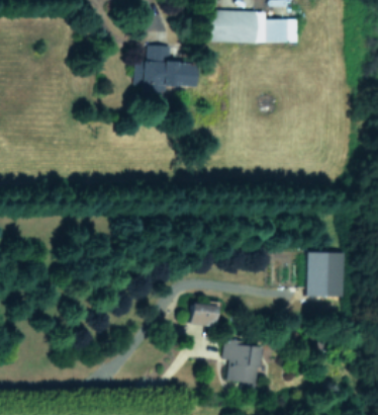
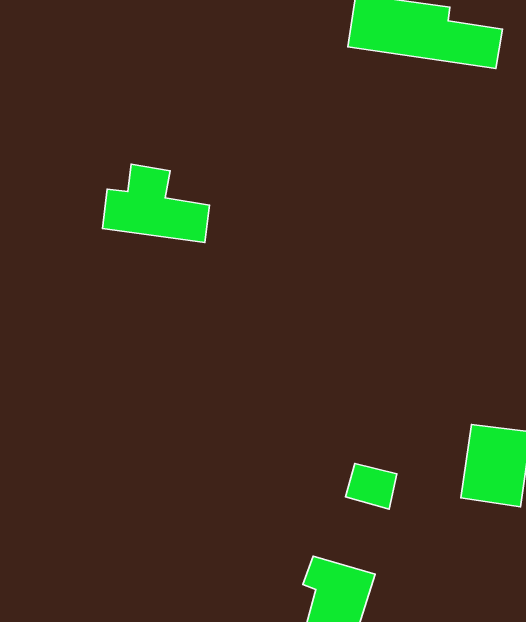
building: [135,45,196,85] -> [103,164,209,243]
building: [190,303,218,327] -> [345,463,397,509]

